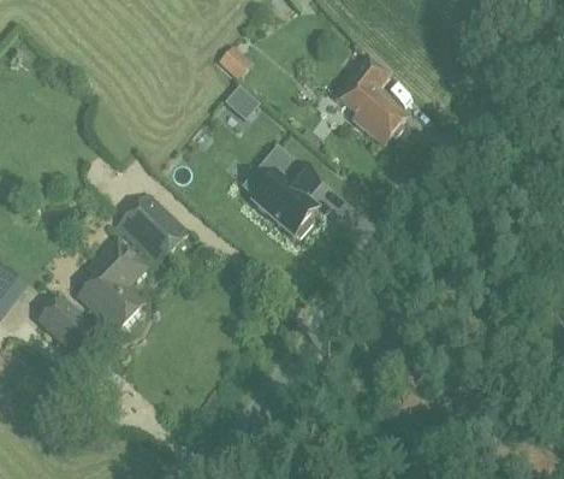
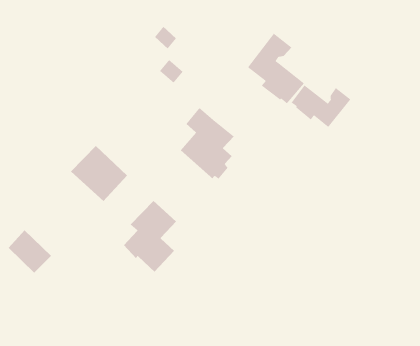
building: none -> [291,84,351,128]
building: [79,238,146,327] -> [123,200,177,272]

